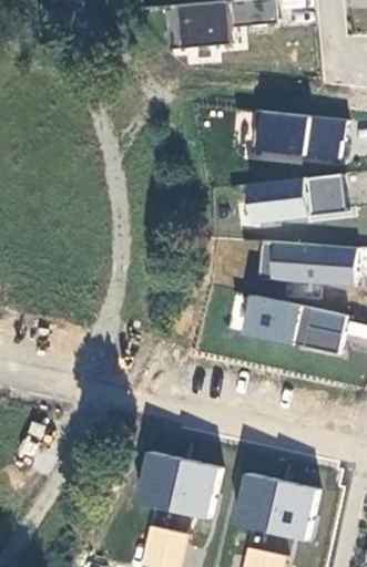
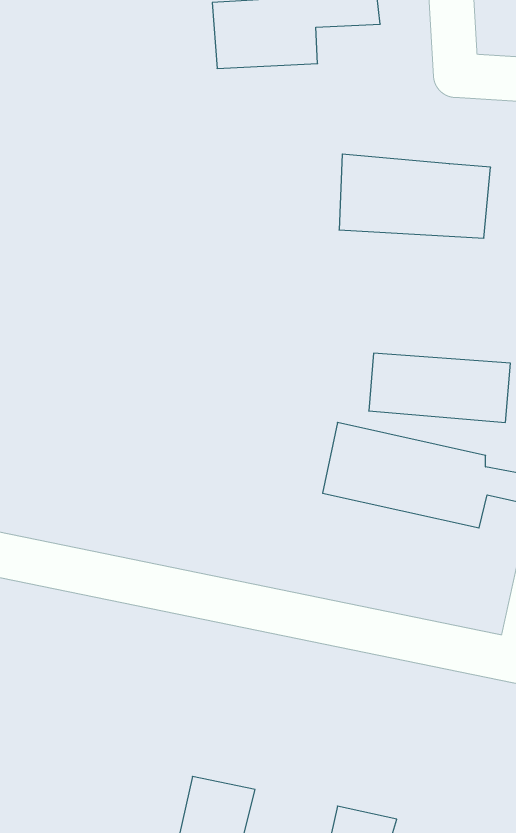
building: [245,173,347,225] -> none
building: [131,452,222,520] -> none
building: [233,472,322,544] -> none

